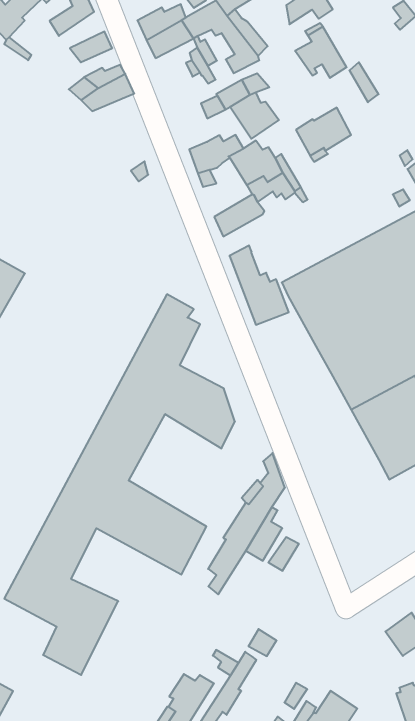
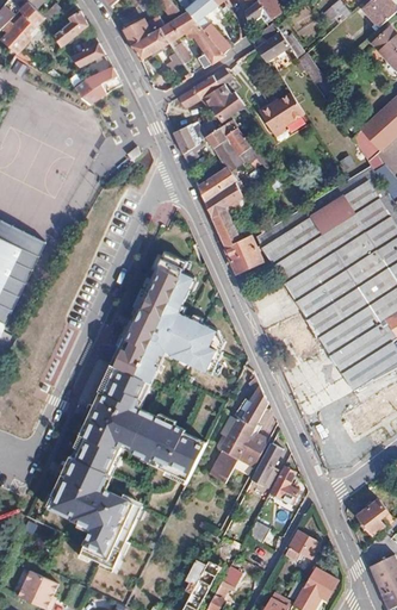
building: none -> [204,182,247,218]
building: none -> [269,467,298,504]
building: none -> [284,531,318,560]

